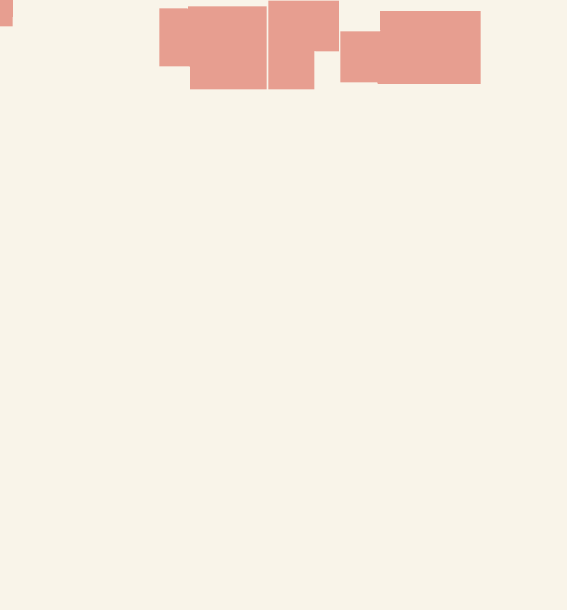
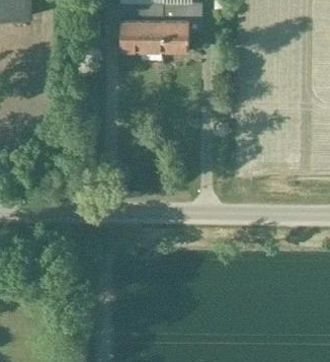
building: [340,10,481,85] -> none

